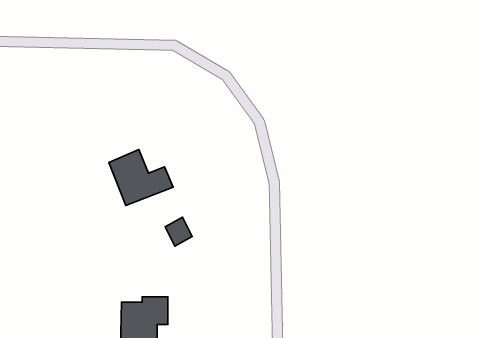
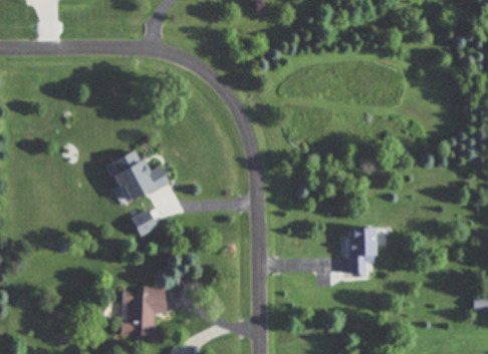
building: [165,217,192,246] -> [132,210,157,237]
building: none -> [349,228,375,274]

